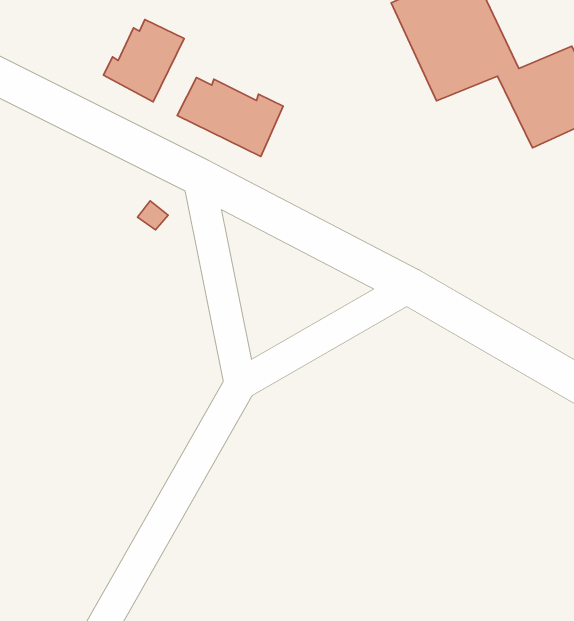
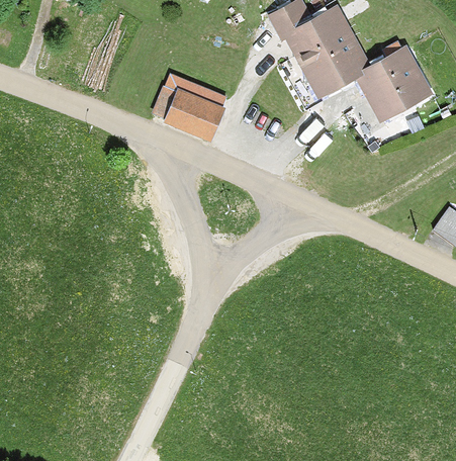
building: [103,20,184,102] -> none

